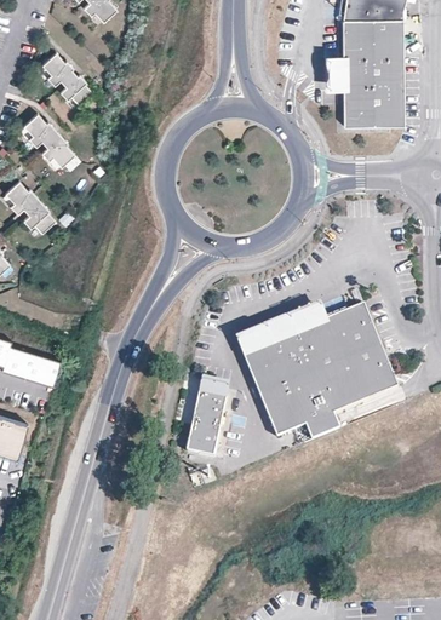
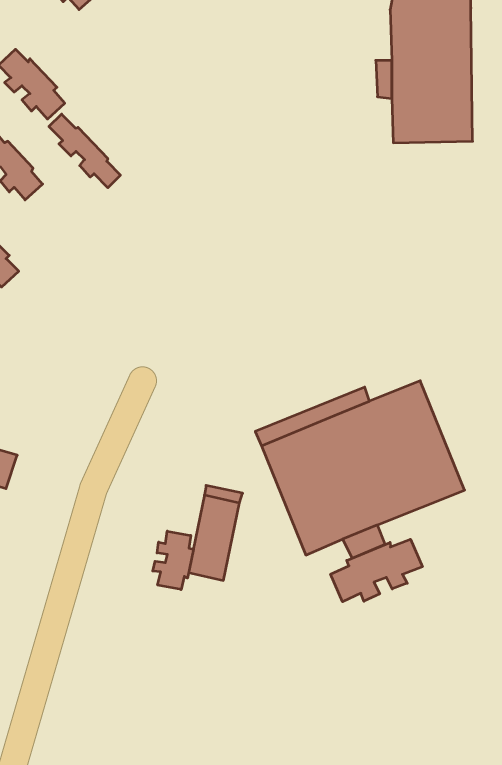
building: none -> [49,114,120,188]
building: none -> [153,531,193,590]
building: none -> [331,539,422,602]

